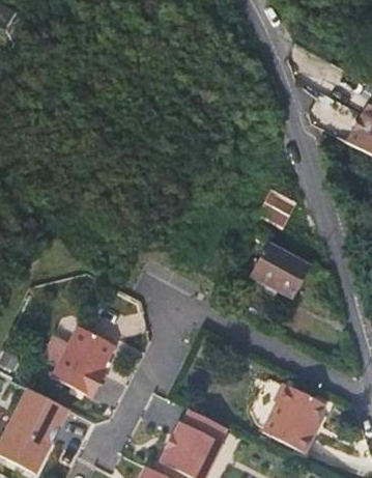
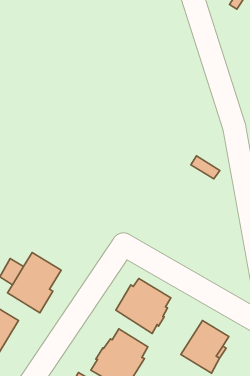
building: [248,241,308,297] -> none
building: none -> [116,278,171,333]

